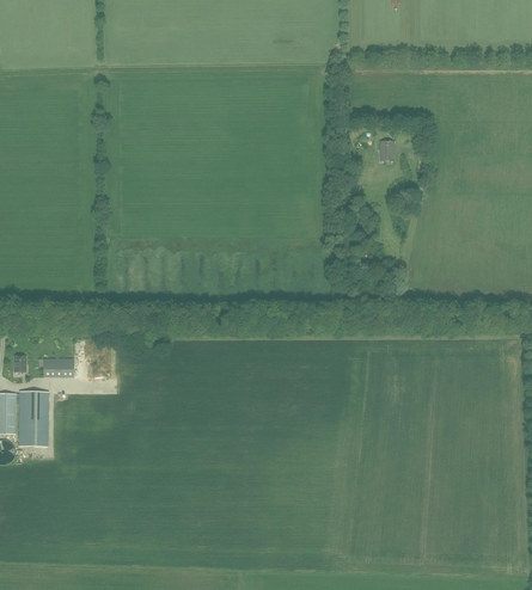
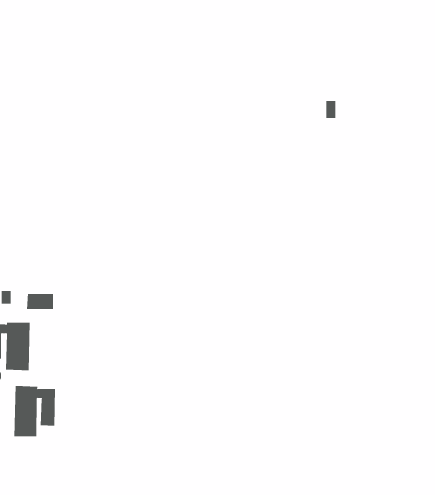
building: none -> [14,385,56,437]

